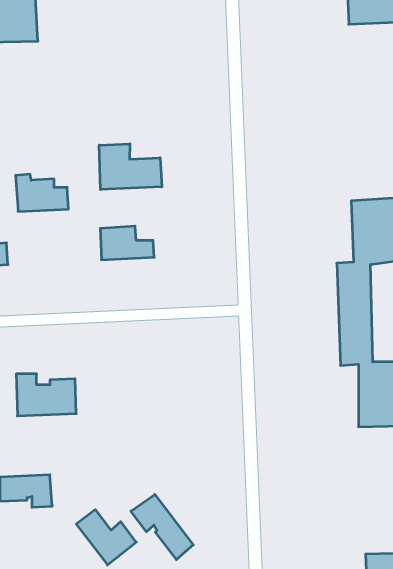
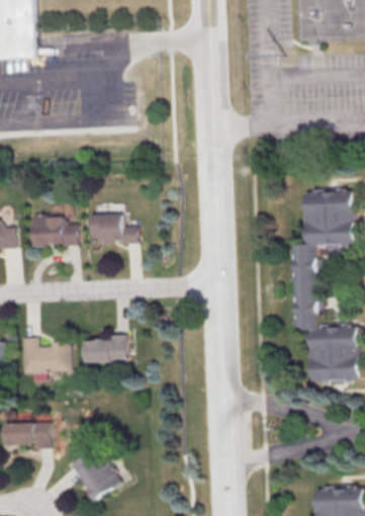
building: [99,144,162,190] -> none
building: [16,174,68,211] -> [32,211,77,243]
building: none -> [83,333,127,360]
building: [131,494,193,560] -> none

